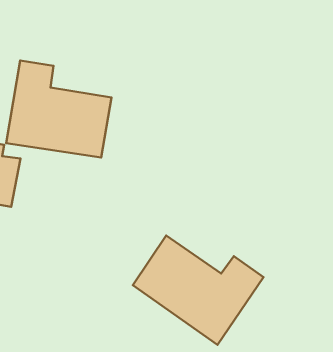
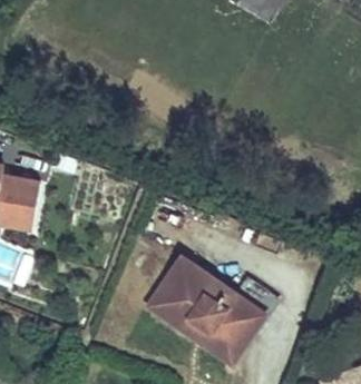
building: [6,60,112,158] -> none

